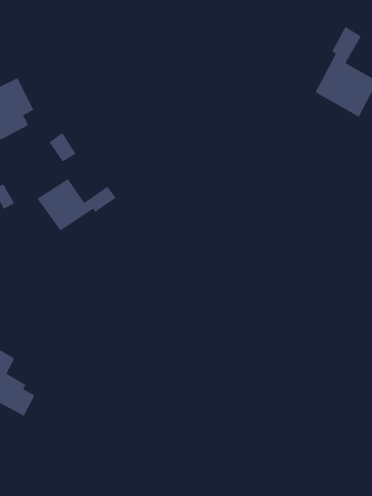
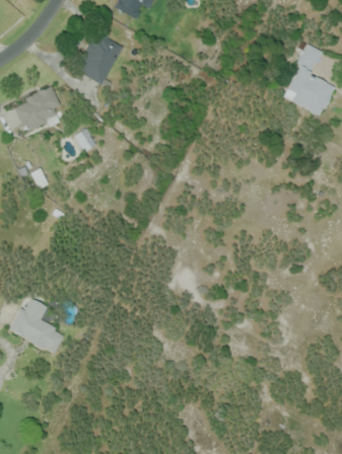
building: none -> [78,28,123,85]
building: [37,178,117,232] -> none

